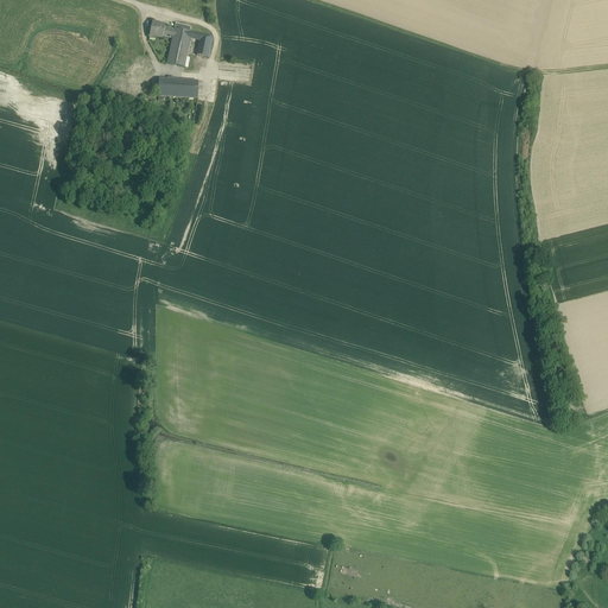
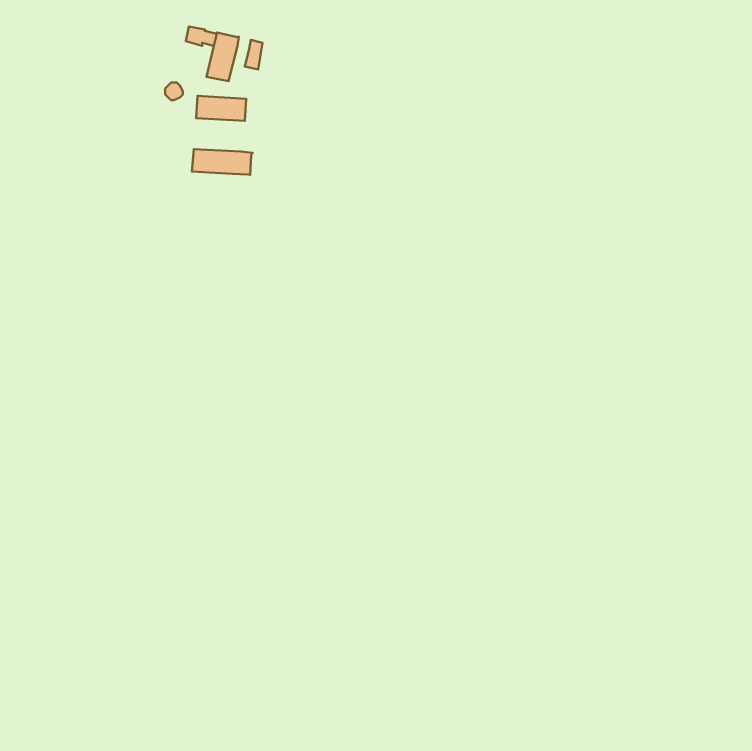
building: none -> [192,149,252,175]

